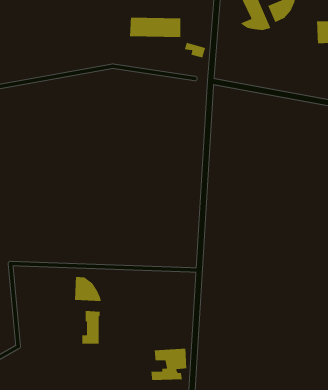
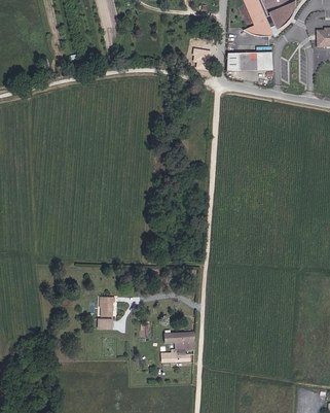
building: [129,17,181,38] -> [225,50,273,70]
building: [74,276,102,302] -> none

